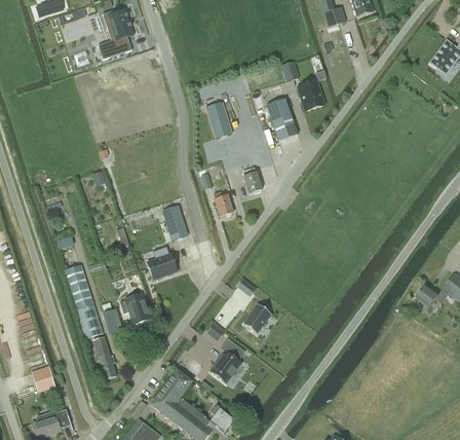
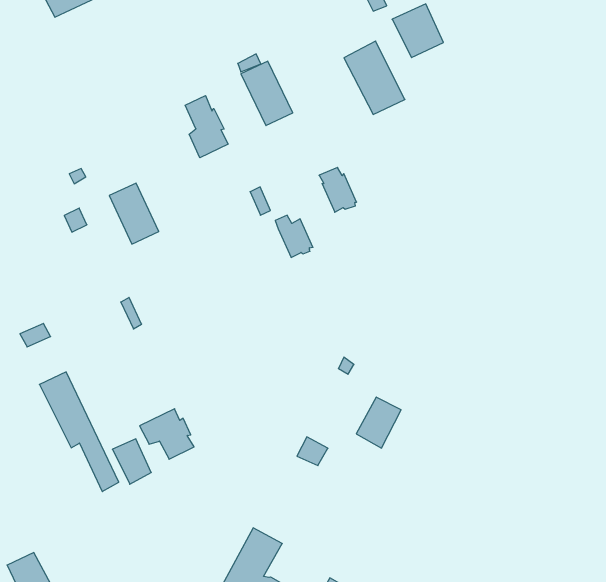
building: none -> [185,96,228,158]
building: [162,205,188,240] -> [109,183,159,244]
building: [147,253,177,279] -> none
building: [93,336,116,378] -> none
building: [210,338,244,381] -> none

